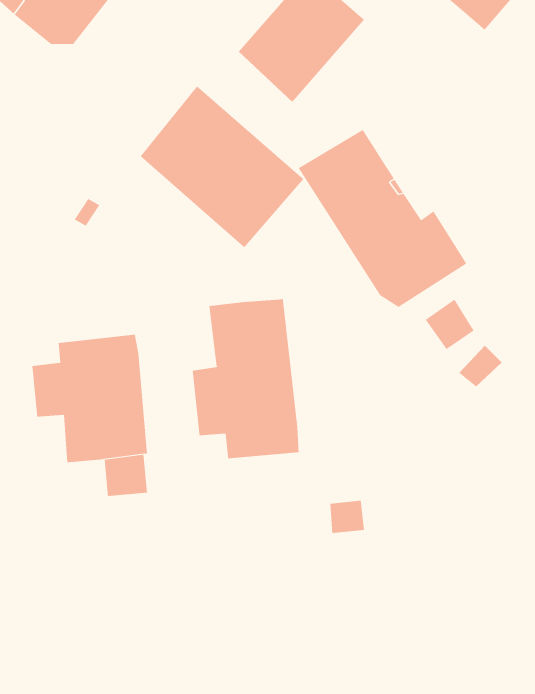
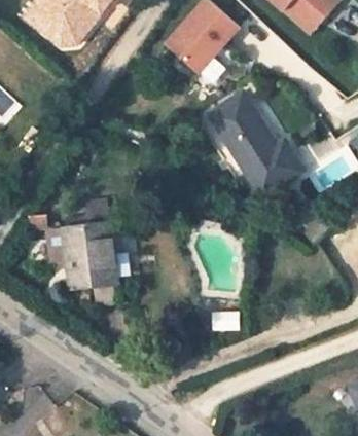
building: [140,85,304,248] -> none
building: [192,298,299,459] -> none

